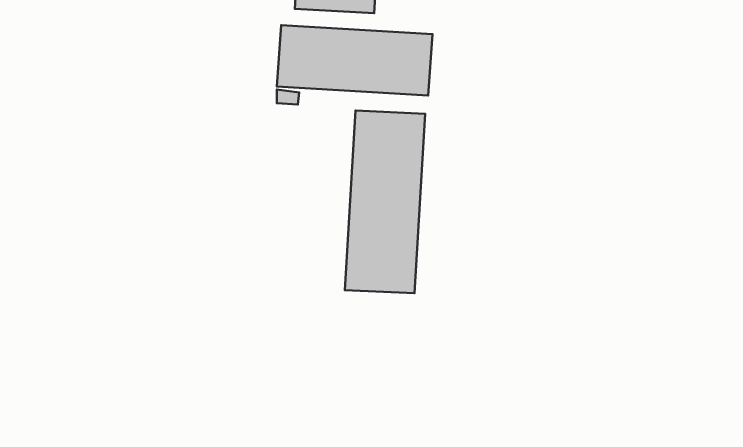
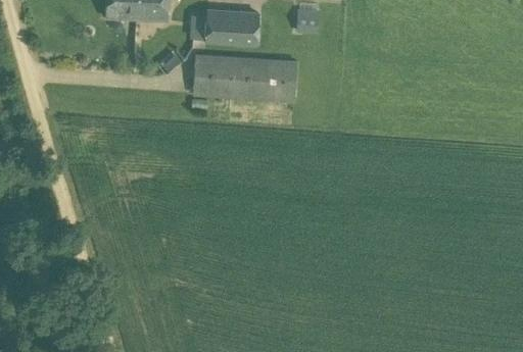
building: [345,111,425,293] -> none

